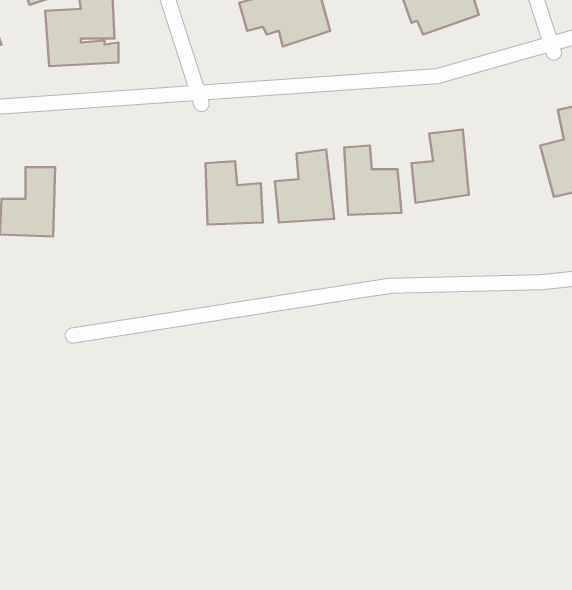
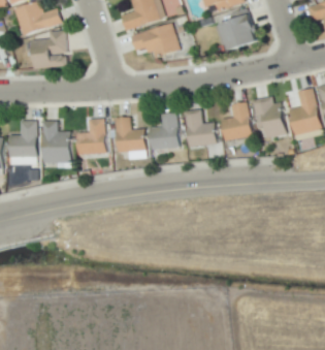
building: none -> [253,97,285,137]
building: none -> [75,120,104,155]
building: none -> [41,121,69,162]

